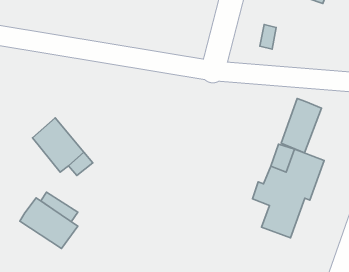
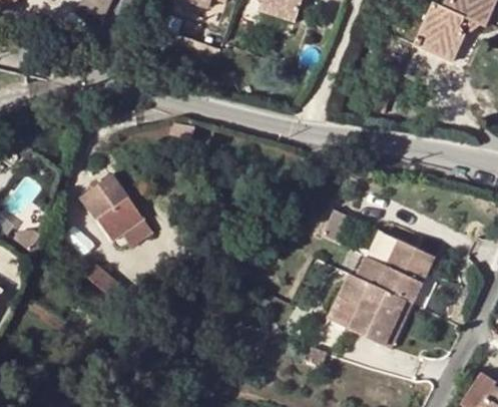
building: [281,99,321,153] -> none
building: [20,198,78,248] -> none

